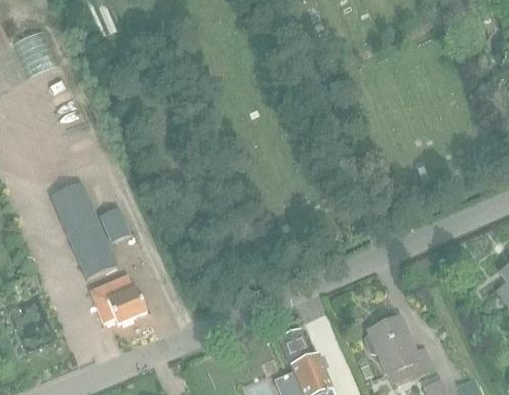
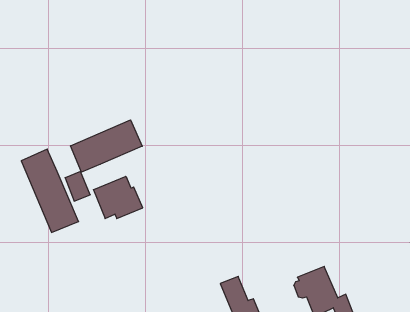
building: none -> [71,120,142,172]
building: [90,274,147,322] -> [93,176,143,219]

